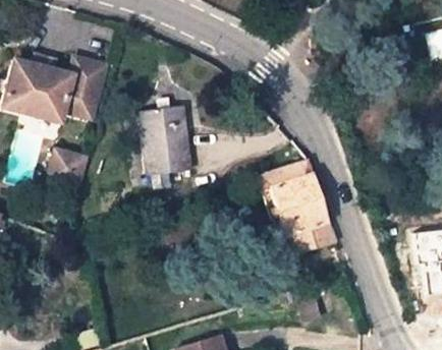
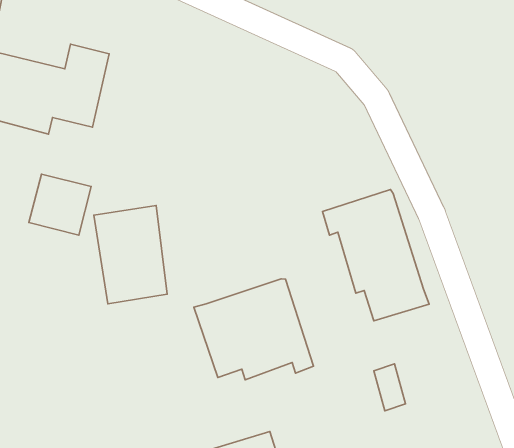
building: [137,106,191,178] -> [94,205,167,304]
building: none -> [194,279,314,380]

